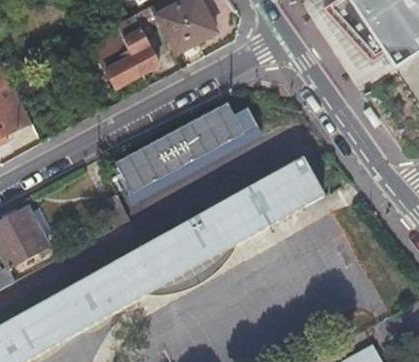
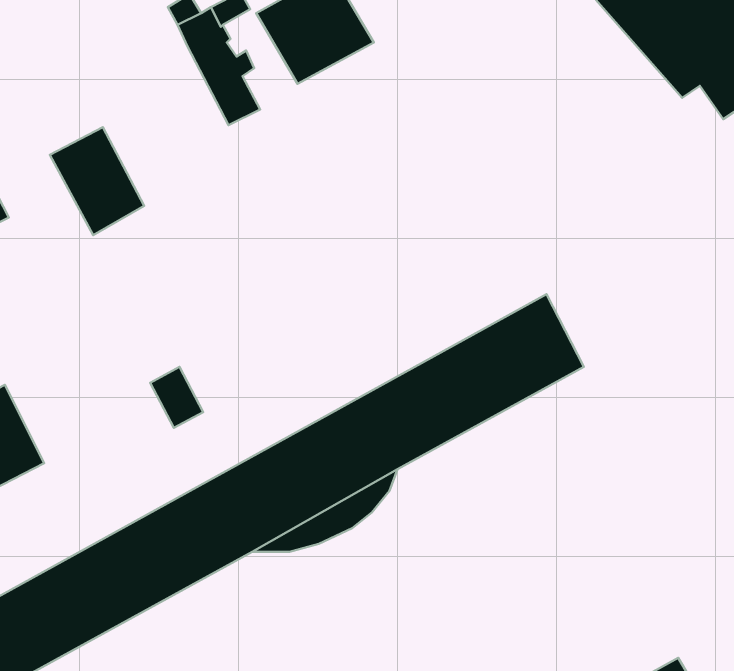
building: [93,34,141,89] -> [50,127,144,235]
building: [116,101,261,205] -> none

